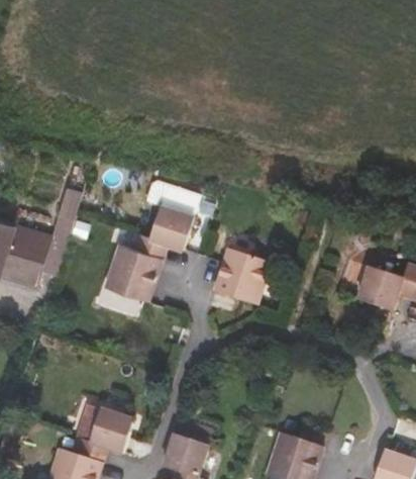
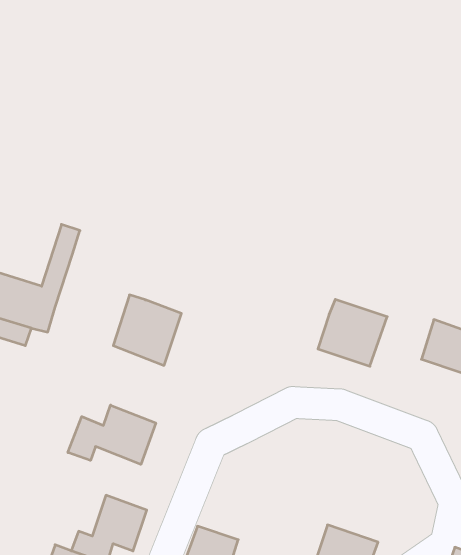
building: [132,181,200,260] -> none
building: [213,250,270,304] -> [318,299,387,366]
building: none -> [68,405,156,464]

